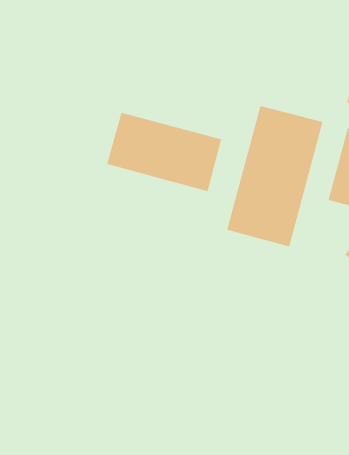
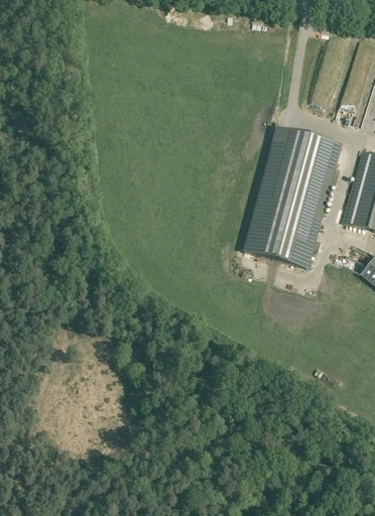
building: [106,112,222,192] -> none

